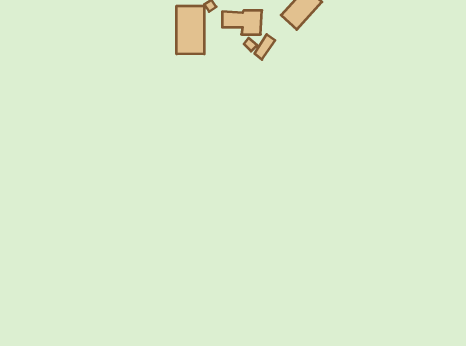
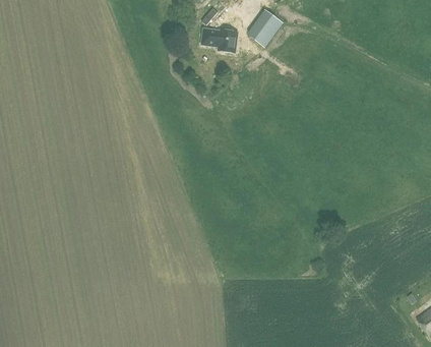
building: [177,6,204,54] -> none

